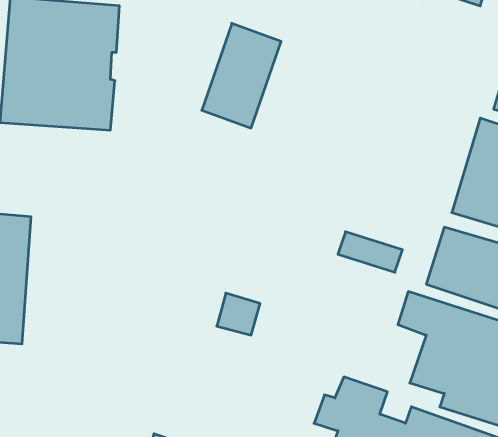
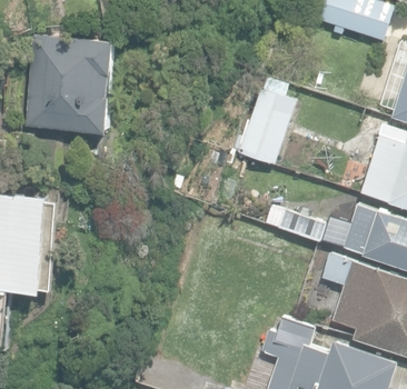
building: [202,23,281,128] -> [239,87,298,164]

